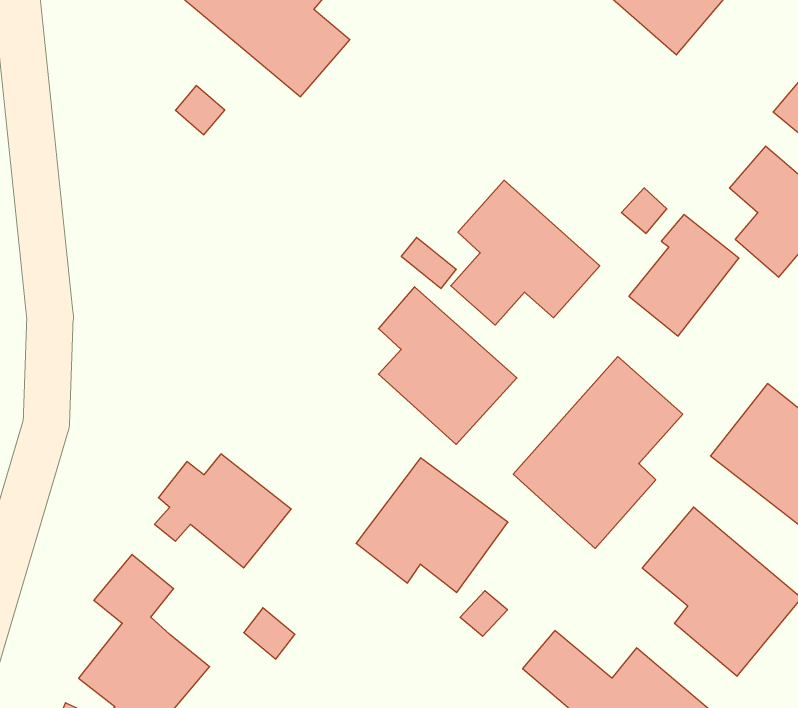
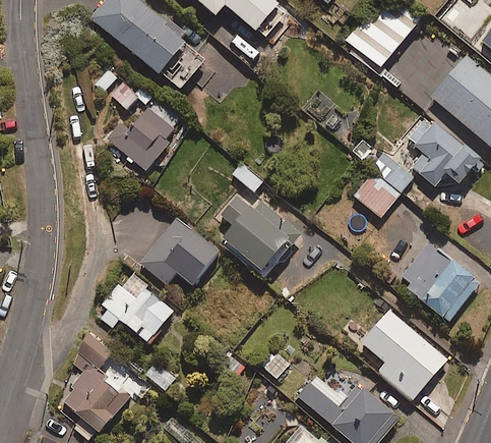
building: none -> [107,107,175,171]
building: [451,180,600,325] -> none
building: [513,357,683,548] -> none
building: [356,458,508,593] -> [140,217,222,289]

